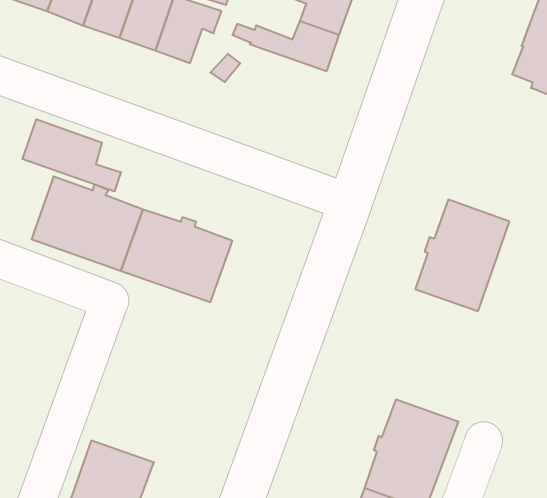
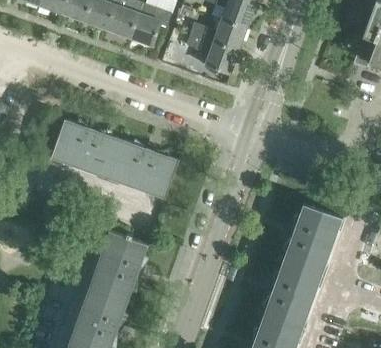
building: none -> [185,35,238,75]
building: [22,119,121,191] -> none
building: [415,199,509,311] -> [282,204,342,275]
building: none -> [88,230,148,301]

